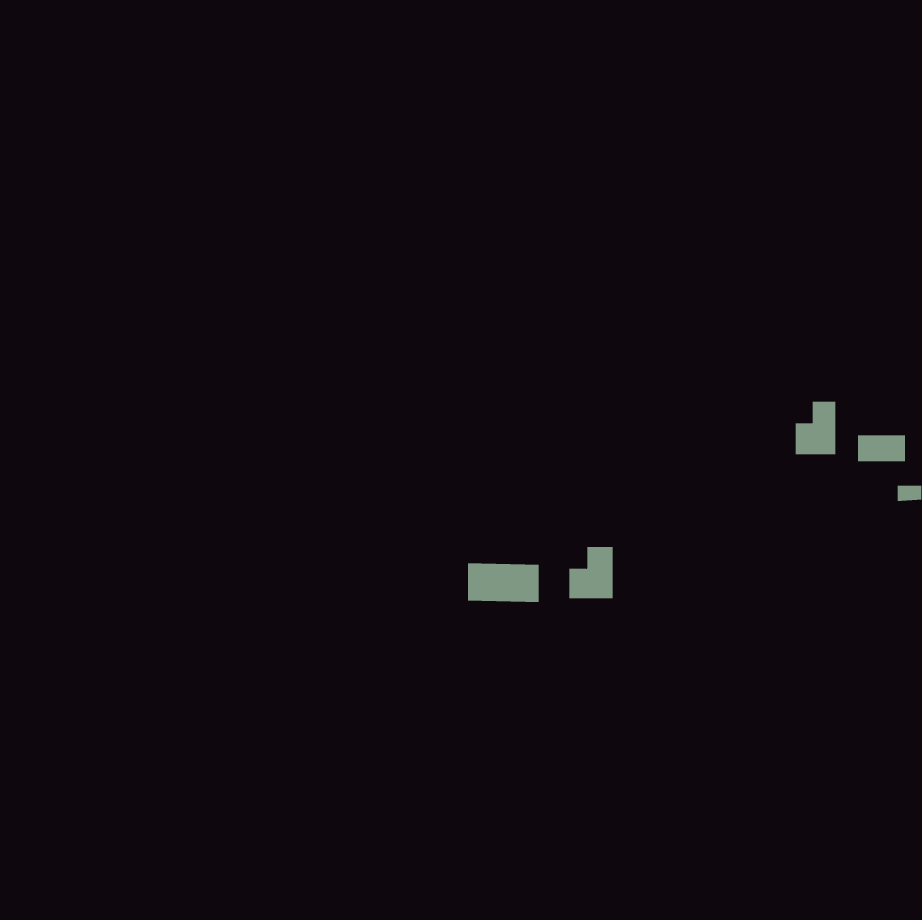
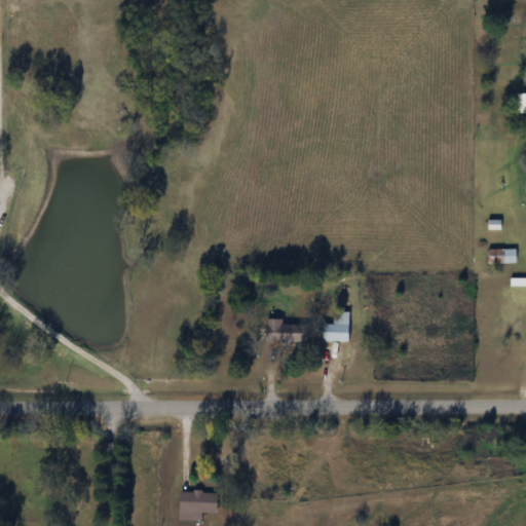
building: [795,401,836,455] -> none
building: none -> [180,491,217,519]

